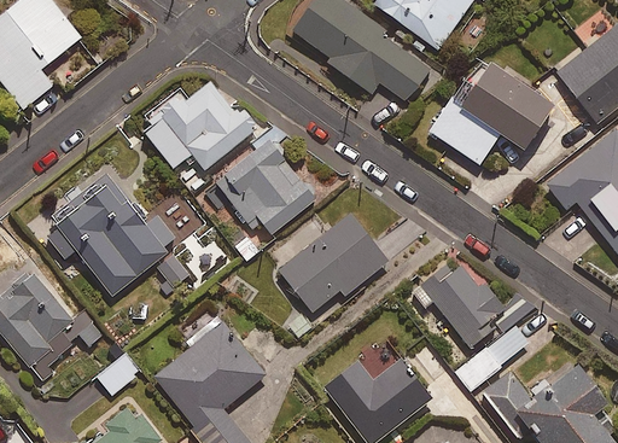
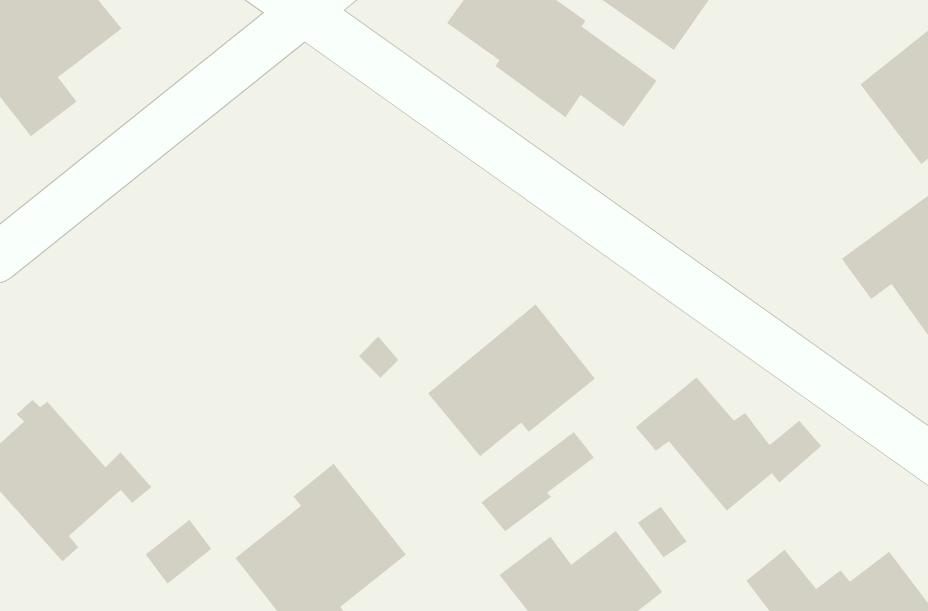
building: [430,58,554,165] -> none
building: [141,81,256,192] -> none
building: [216,136,320,228] -> none
building: [49,170,186,291] -> none
building: [455,323,529,389] -> [481,431,595,532]

